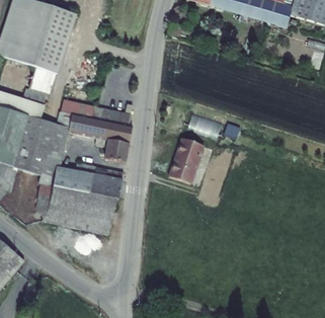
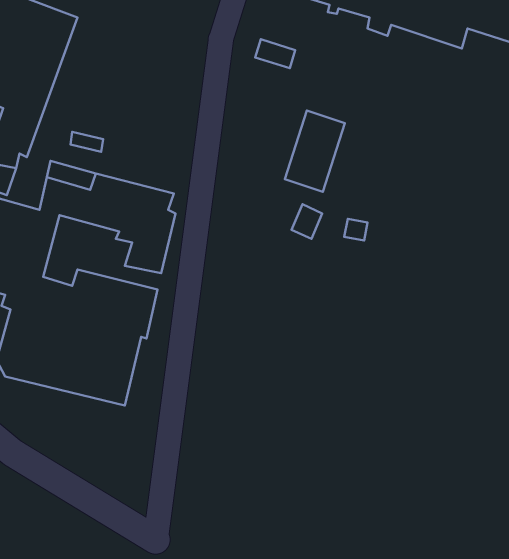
building: [172,138,206,183] -> [285,110,345,192]

